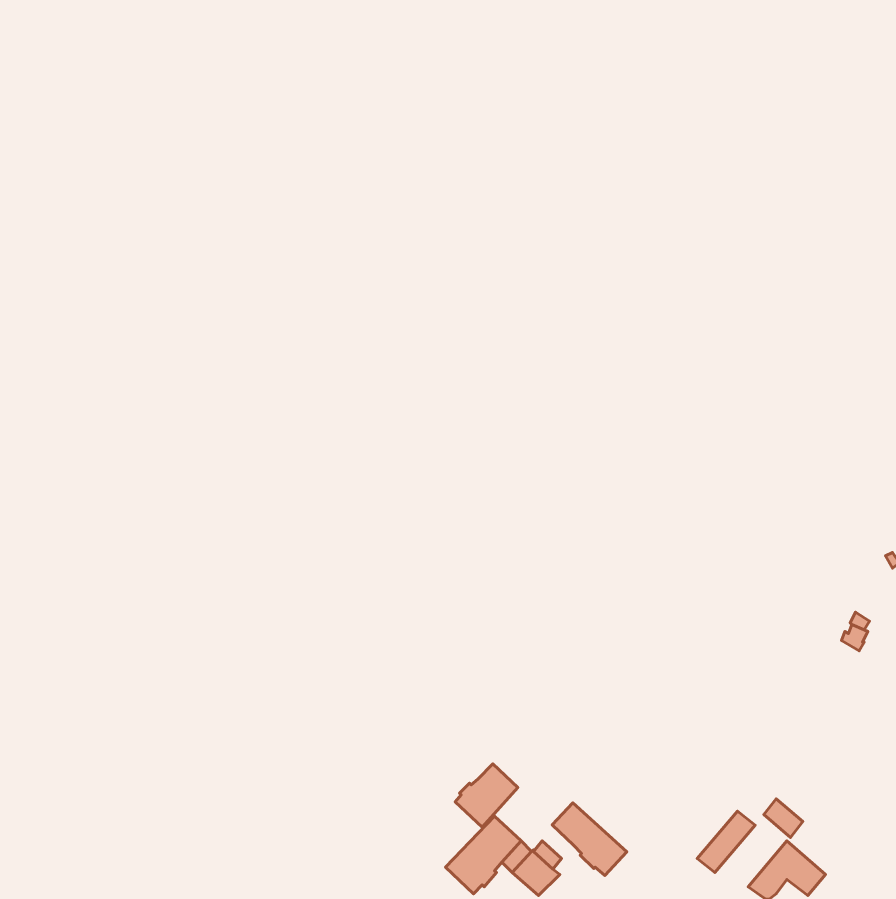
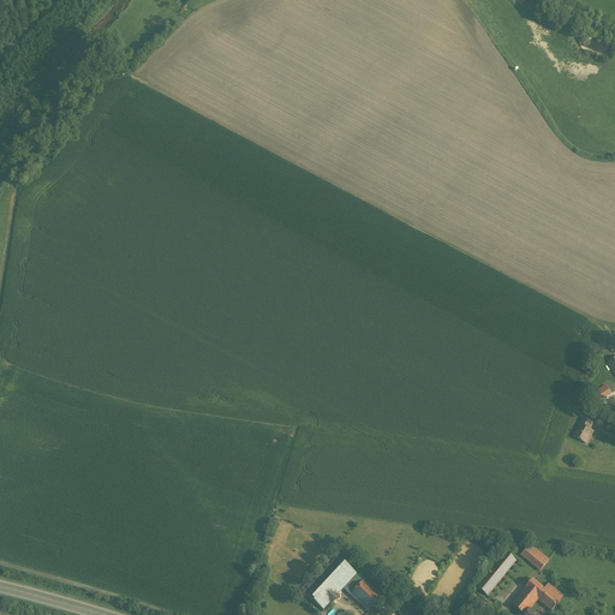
building: [455,764,518,827] -> none
building: [552,803,627,876] -> none

